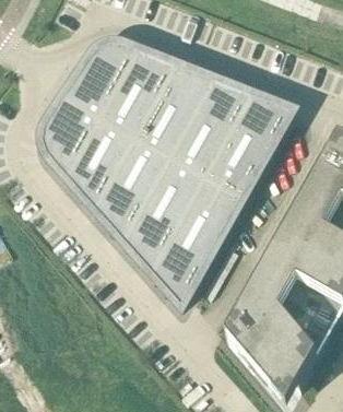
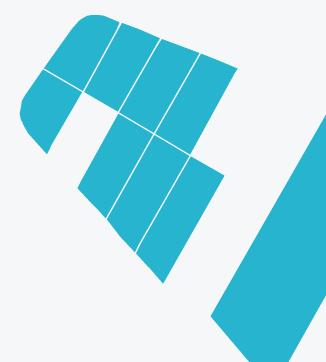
building: [208,91,293,195] -> none
building: [69,114,138,207] -> none

